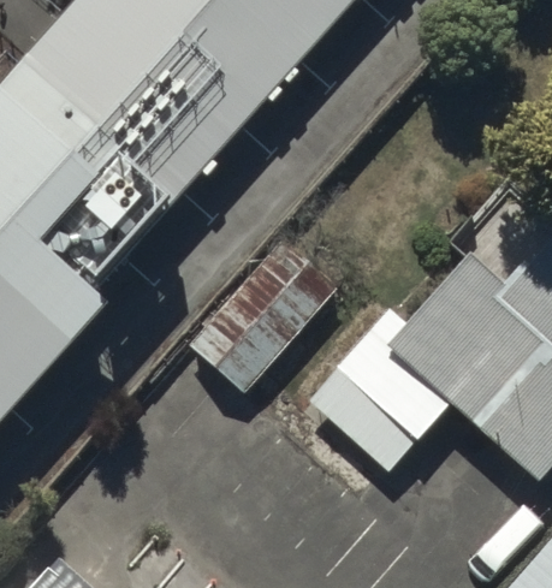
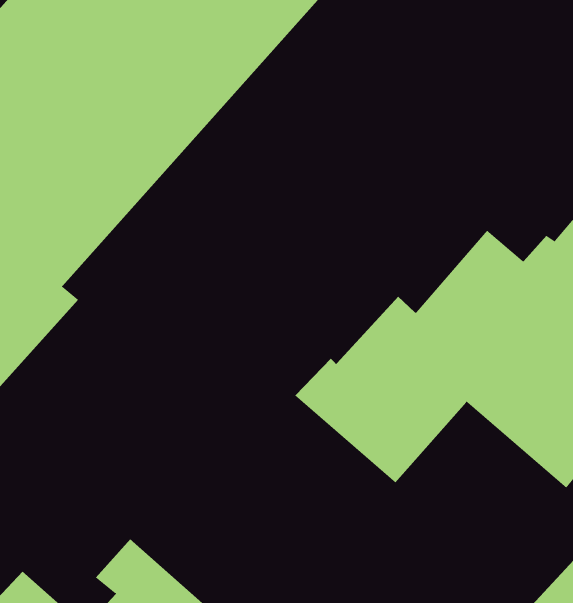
building: [186,236,339,393] -> none

